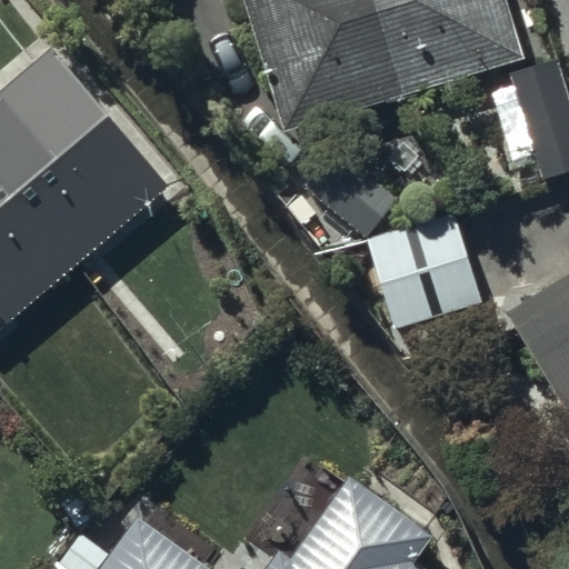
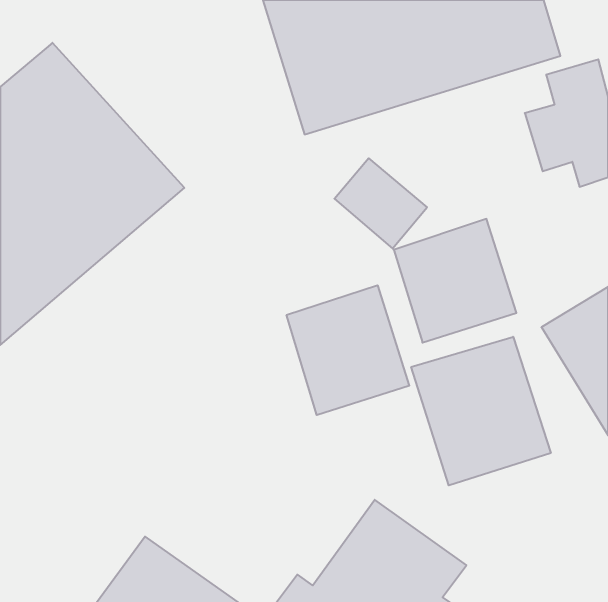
building: none -> [287,285,409,415]
building: none -> [411,337,551,485]

